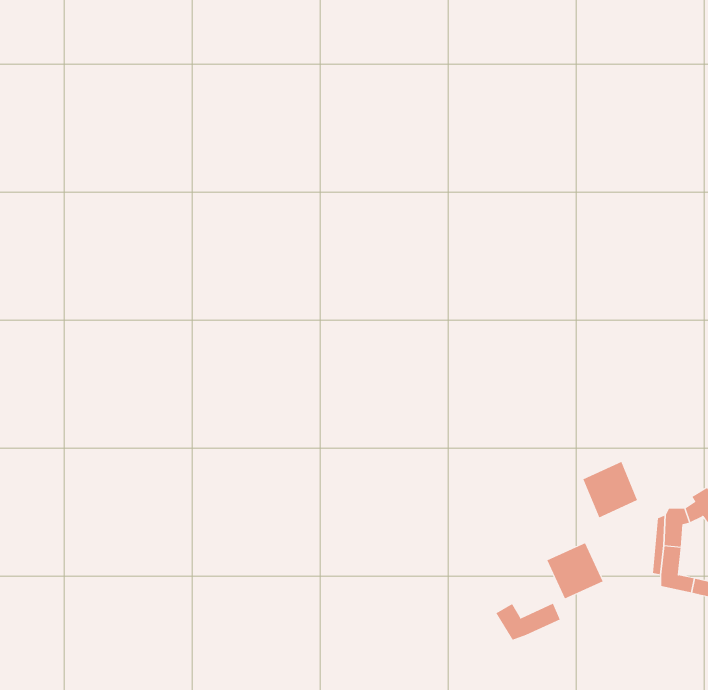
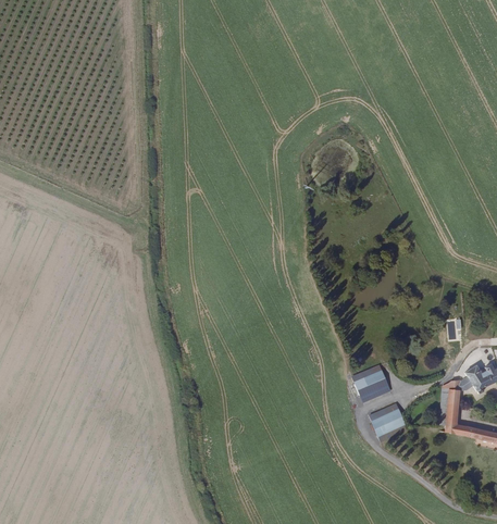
building: [583,461,638,518] -> [352,362,389,400]
building: [495,603,560,640] -> none

